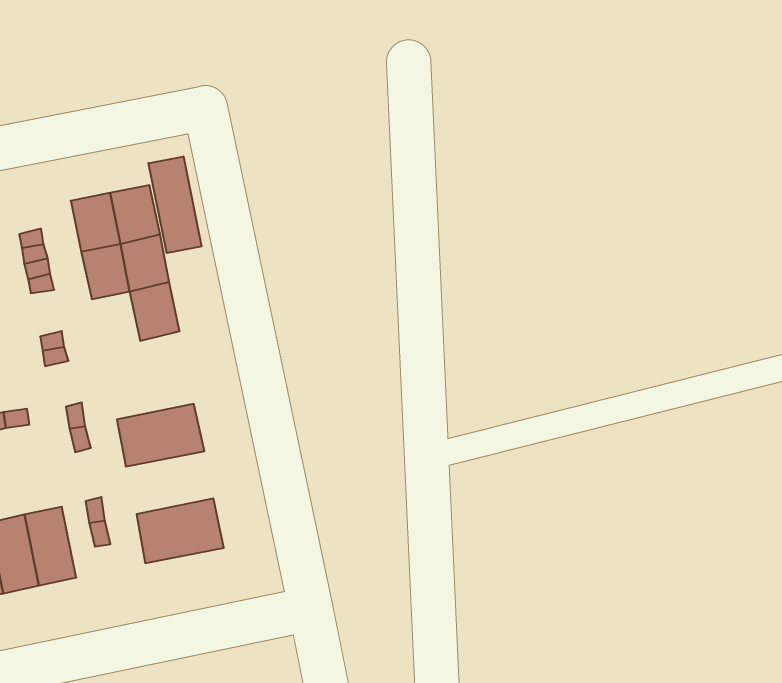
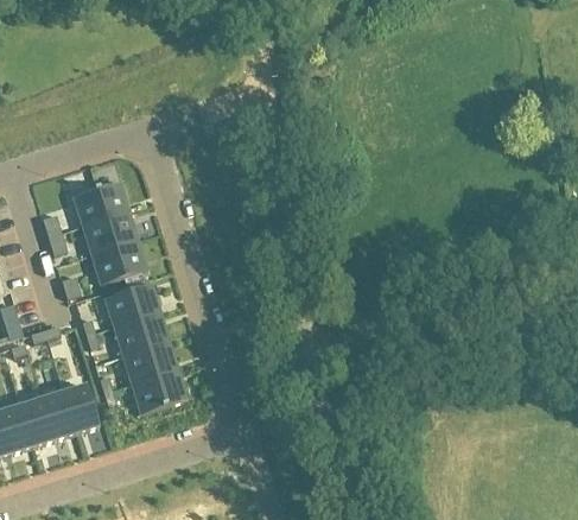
building: [148,156,202,253] -> none
building: none -> [90,246,122,283]
building: none -> [103,281,159,325]
building: none -> [121,340,177,382]

